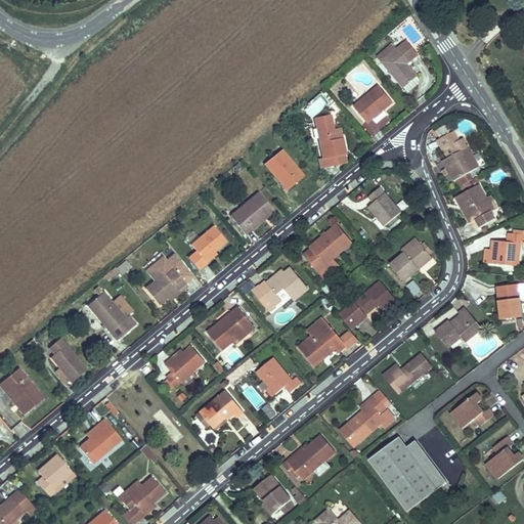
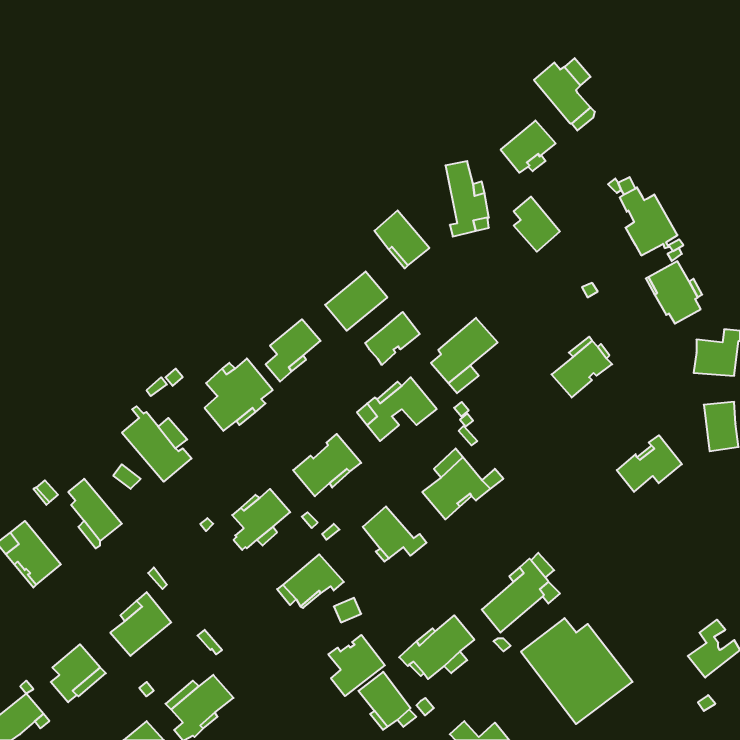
building: [367,186,400,225] -> [514,197,560,252]
building: none -> [365,312,420,365]
building: [339,280,394,330] -> none
building: [383,353,431,393] -> none
building: [450,393,492,428] -> none
building: none -> [328,635,385,696]

